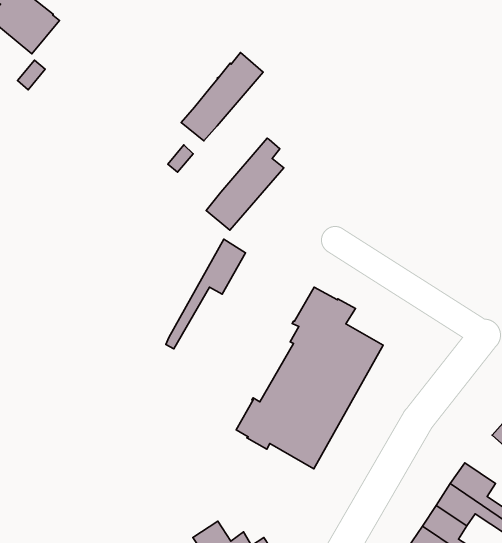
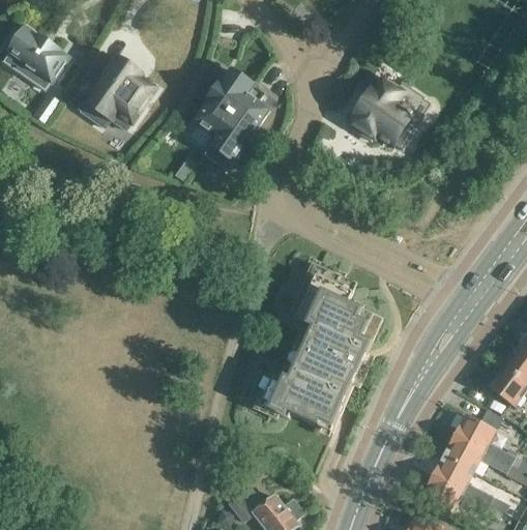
building: none -> [81,57,154,129]
building: none -> [350,78,430,149]
building: [206,138,284,230] -> [204,85,269,170]
building: [166,239,246,349] -> none

